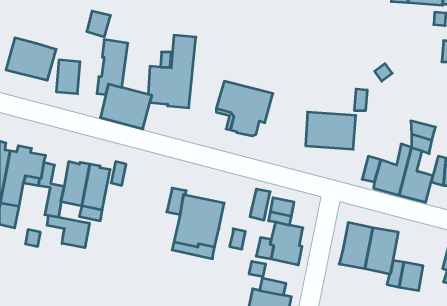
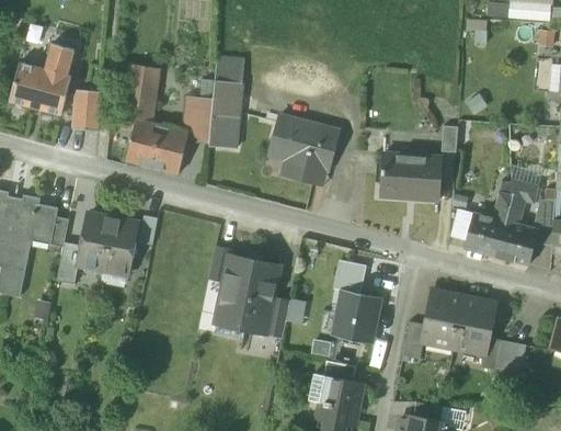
building: [87,11,111,37] -> [45,43,75,75]
building: [250,189,270,220] -> [265,298,290,337]
building: [47,215,89,248] -> none
building: none -> [402,321,426,360]

